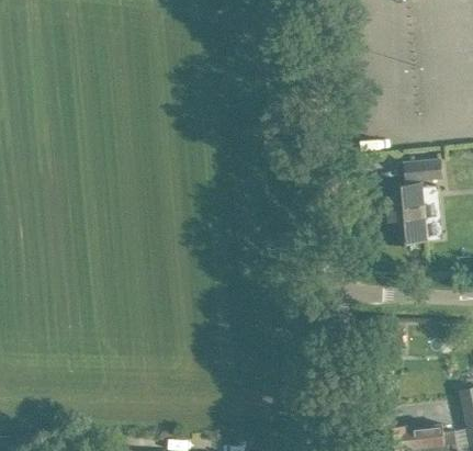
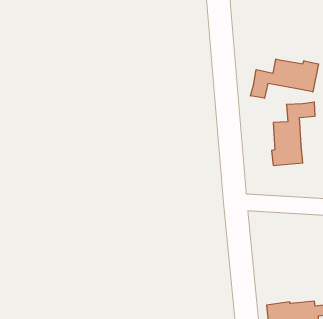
building: none -> [251,59,319,98]

